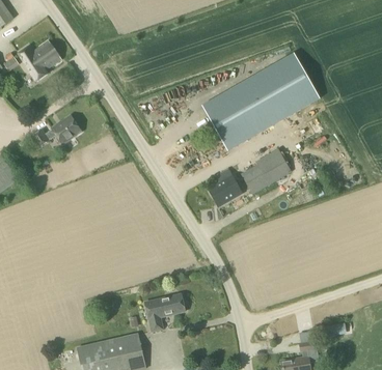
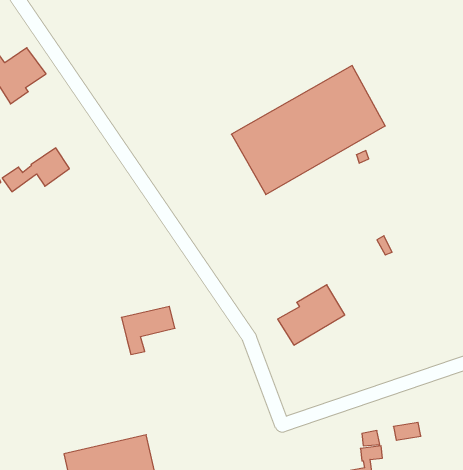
building: [240,148,291,194] -> [278,285,345,345]
building: [208,169,241,206] -> none
building: [144,293,185,330] -> [121,306,175,354]

